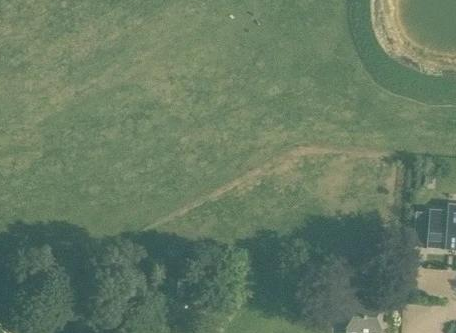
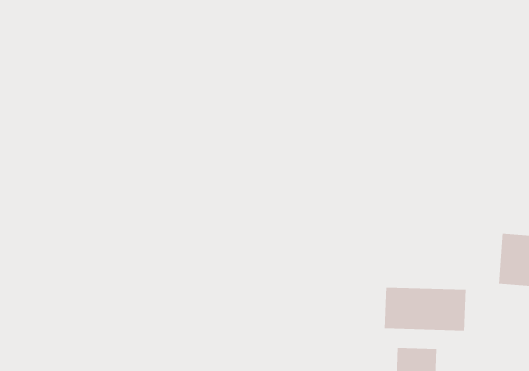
building: none -> [384,287,466,331]

